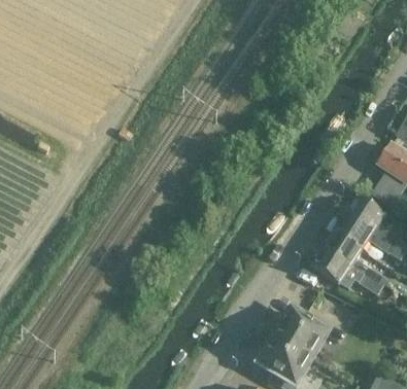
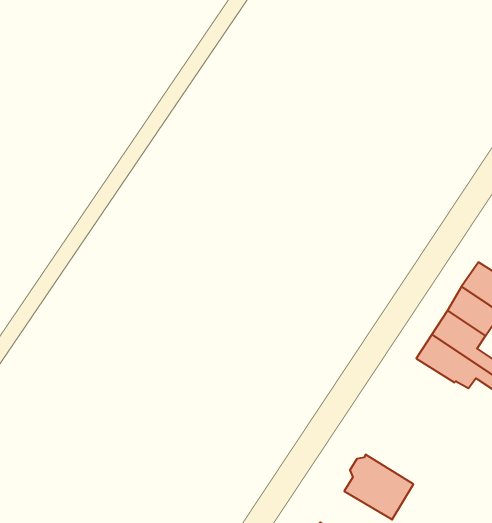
building: [275,311,327,358] -> none

